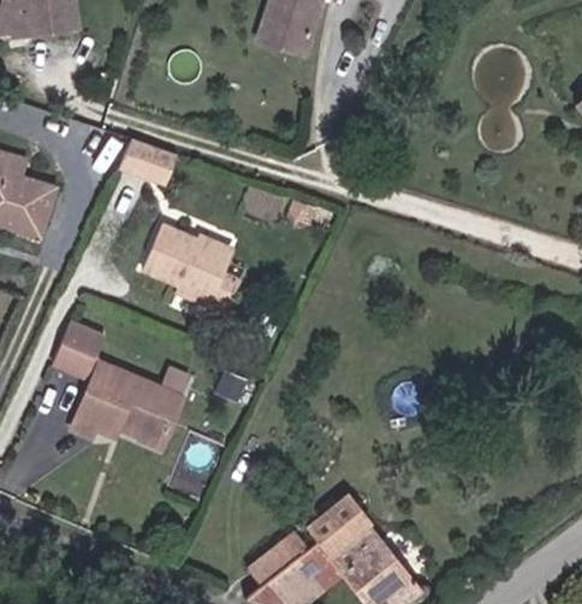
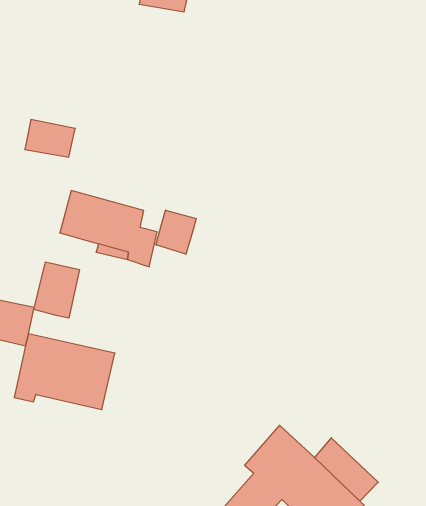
building: none -> [156,210,196,254]
building: none -> [34,262,80,318]

